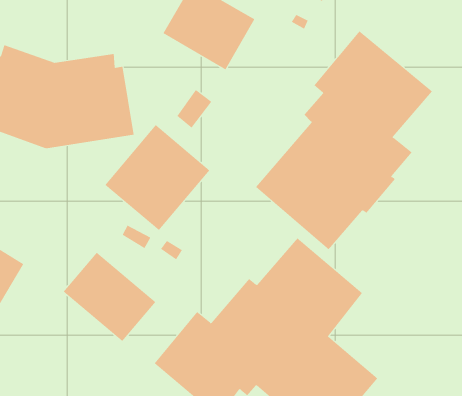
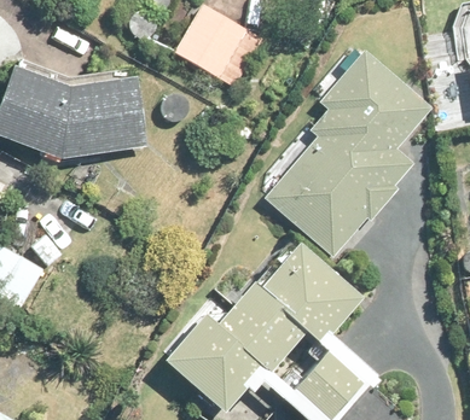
building: [105,124,210,231] -> none
building: [63,252,156,342] -> none

